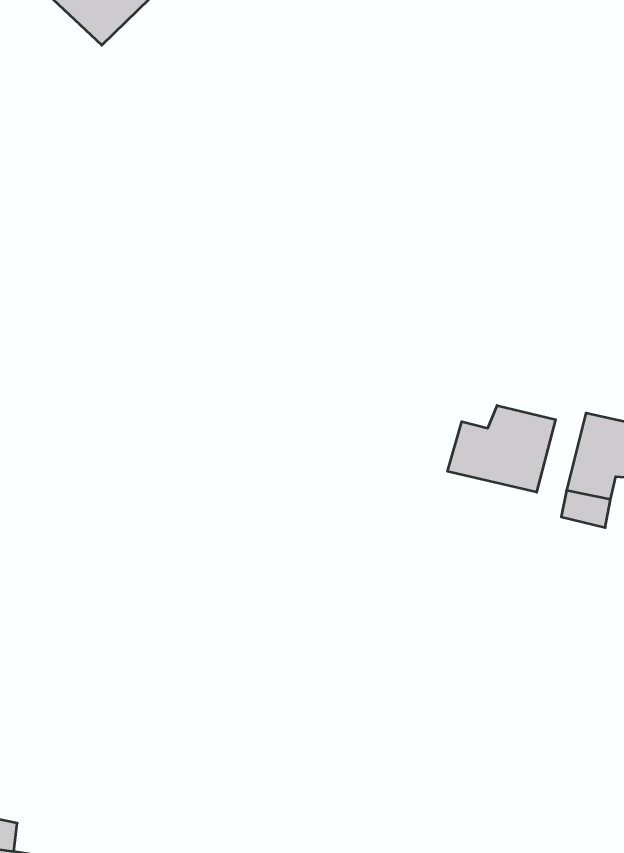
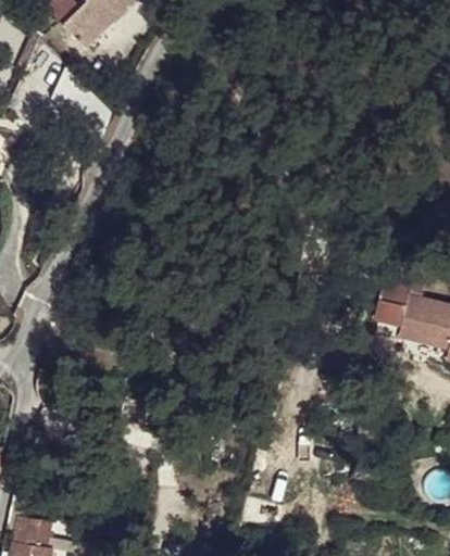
building: [448,405,556,492] -> none

